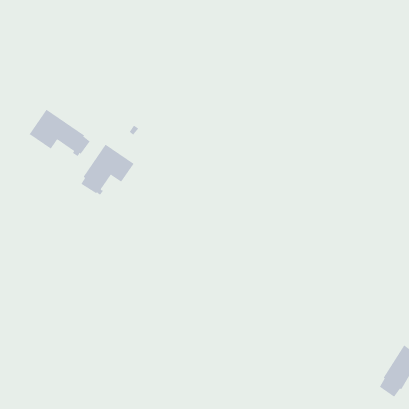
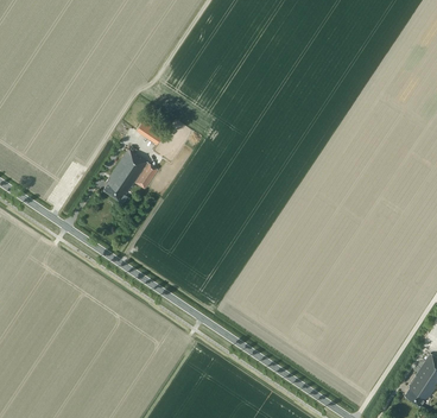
building: [29,109,91,157] -> none

